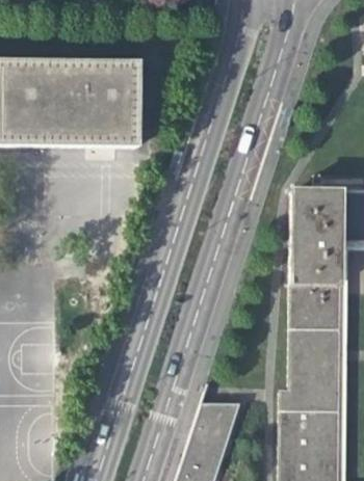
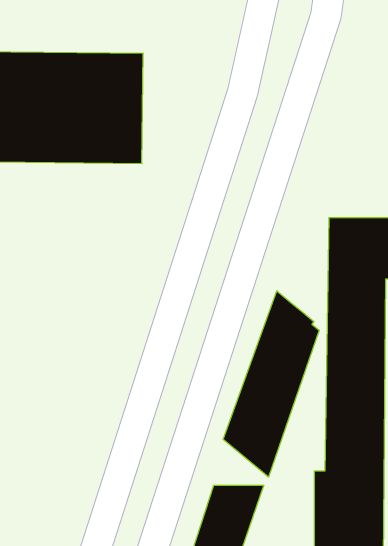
building: none -> [223,291,319,477]

